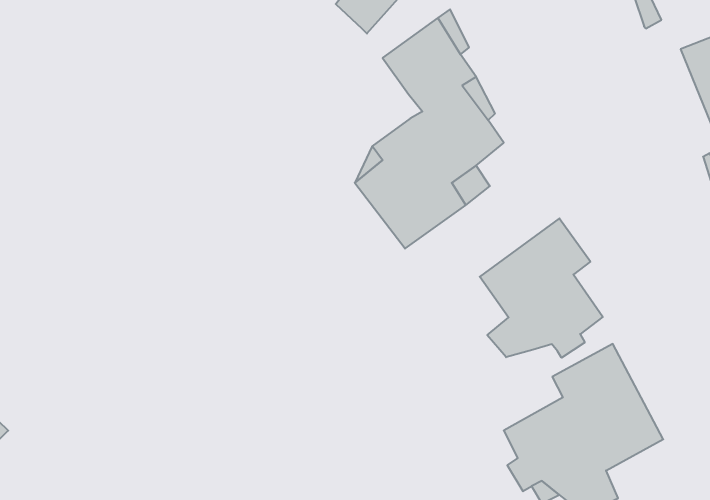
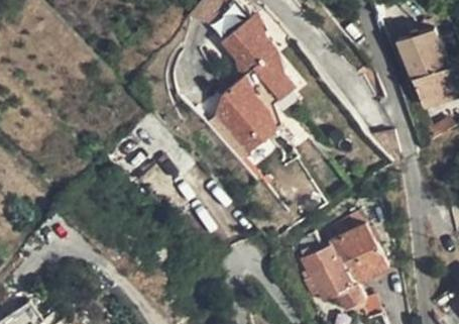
building: [480,218,603,358] -> none

